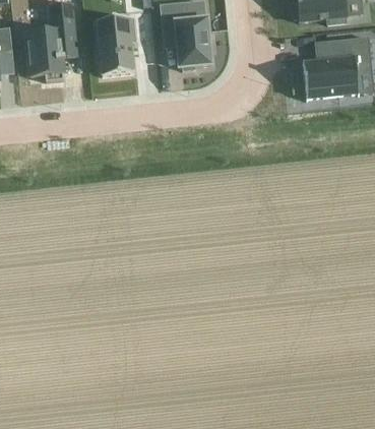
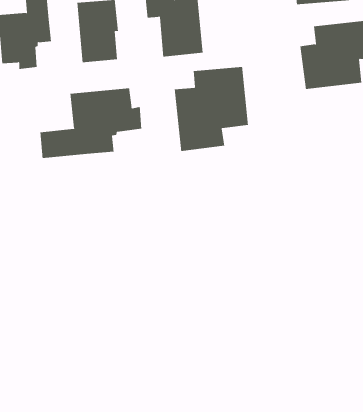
building: none -> [174,66,249,152]
building: none -> [40,88,142,159]

